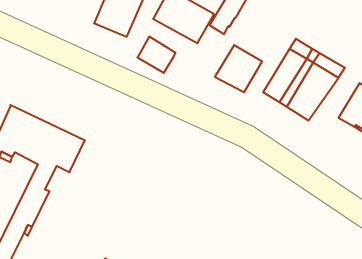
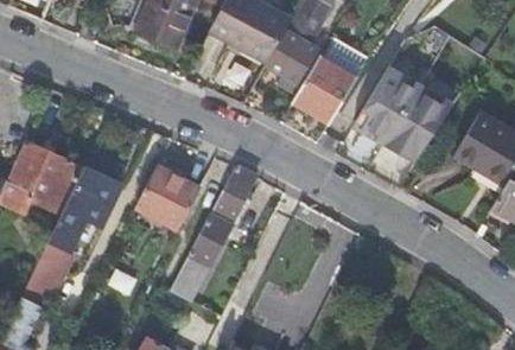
building: [137,37,176,73] -> [269,36,319,83]
building: none -> [134,166,199,229]
building: none -> [170,166,256,301]

